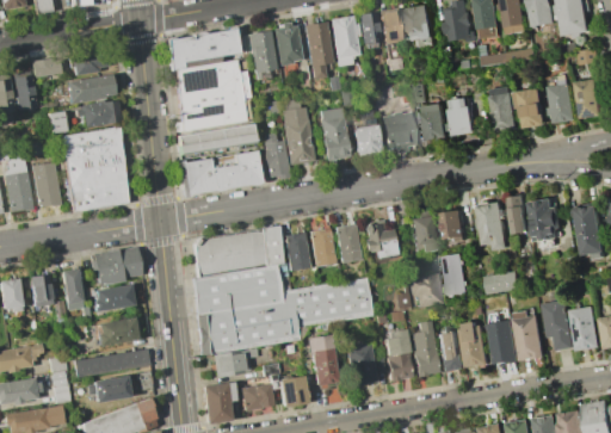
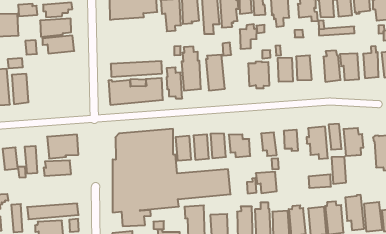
building: [177,60,252,134] -> none
building: [352,118,378,156] -> [240,24,257,49]
building: [60,125,126,211] -> none
building: [444,253,469,295] -> [332,157,346,184]
building: [95,317,138,345] -> none

